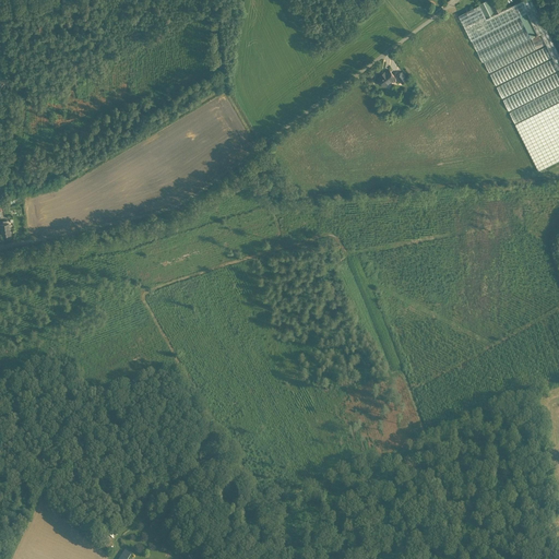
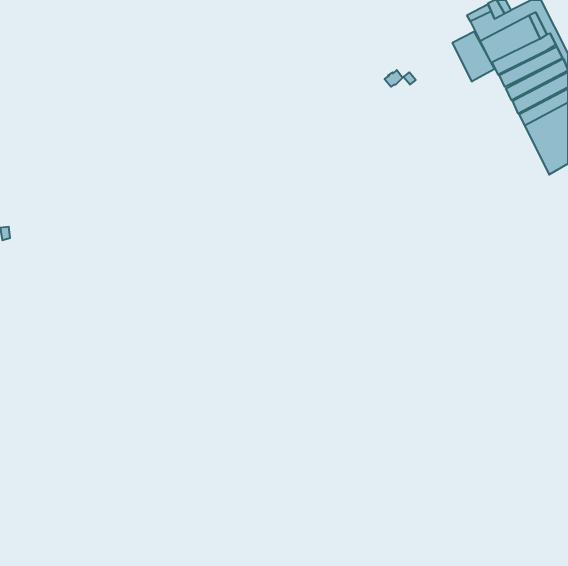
building: none -> [453,31,495,82]

